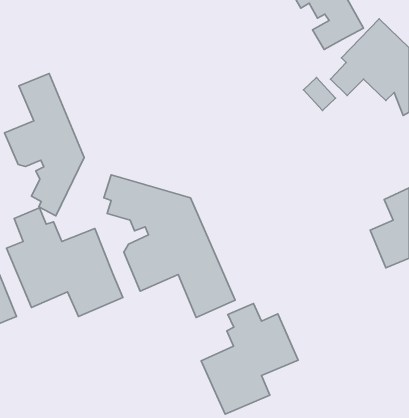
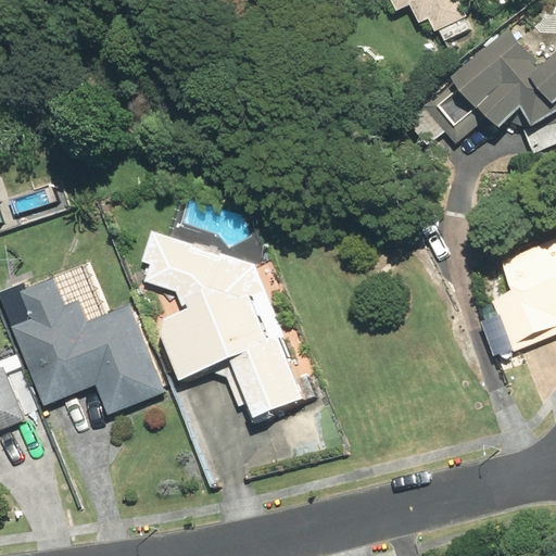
building: [5,74,84,216] -> none
building: [201,303,298,414] -> none

